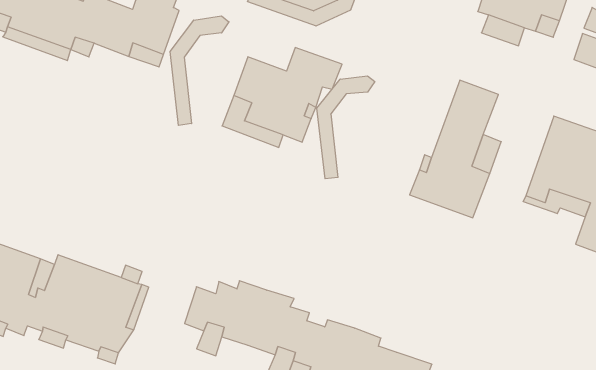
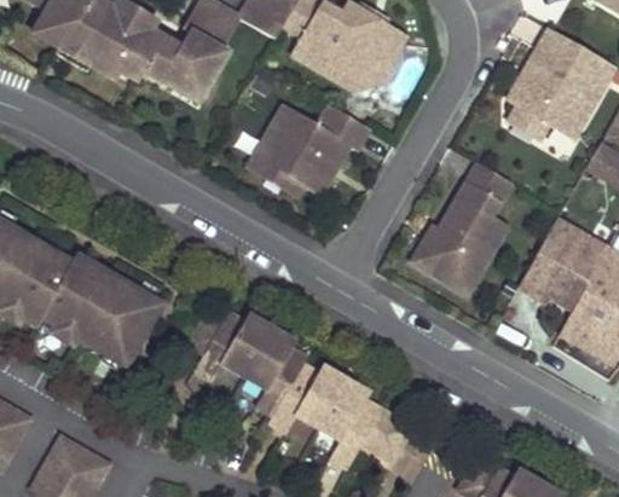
building: [170,16,229,125] -> none
building: [317,76,375,179] -> none

